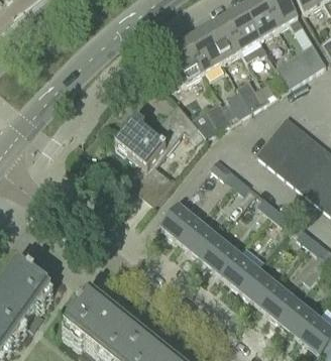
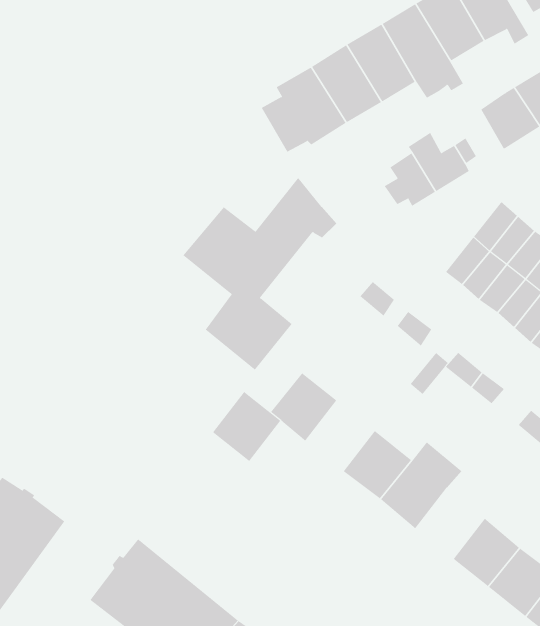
building: [192,100,234,136] -> none
building: [183,223,220,261] -> [212,391,281,462]
building: [242,270,280,309] -> none

